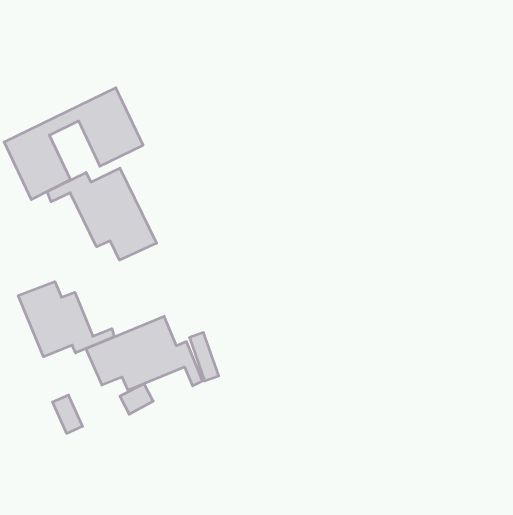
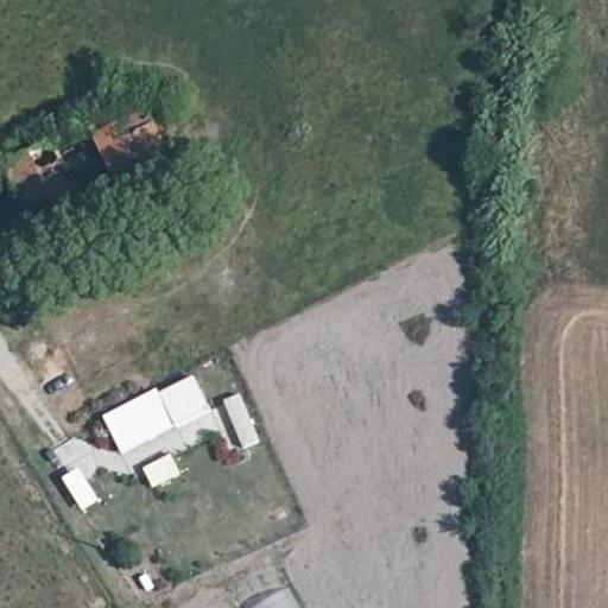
building: [47,168,157,260] -> none
building: [18,282,114,357] -> none

